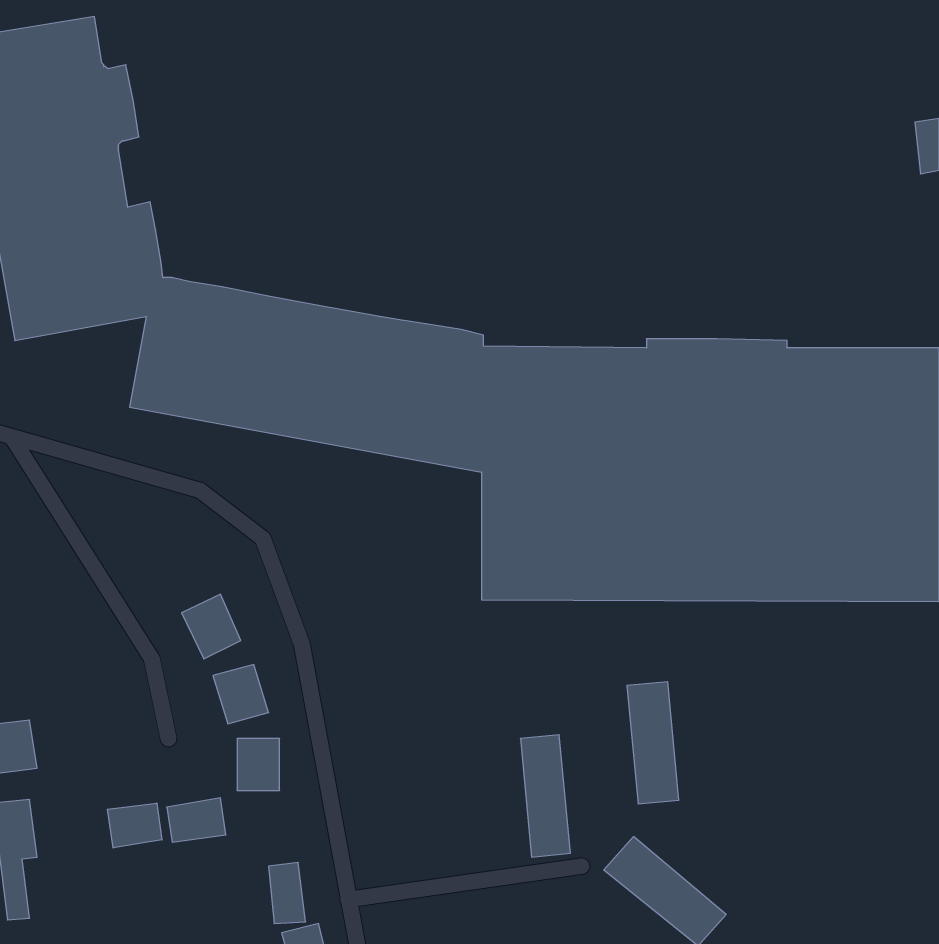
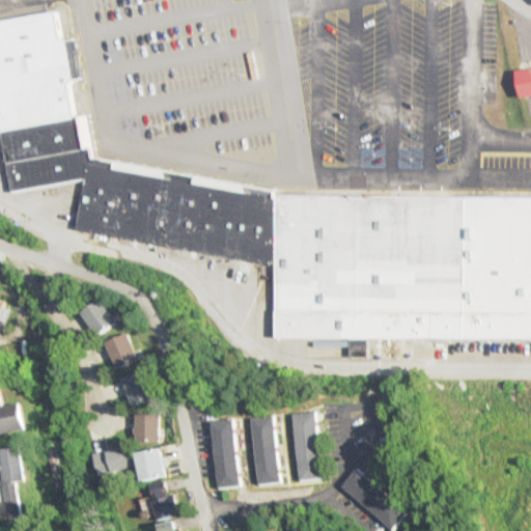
building: none -> [79,301,113,336]
building: [627,682,679,804] -> [250,417,279,485]
building: none -> [212,421,239,488]
building: none -> [135,450,164,479]
building: [107,803,162,848] -> none

